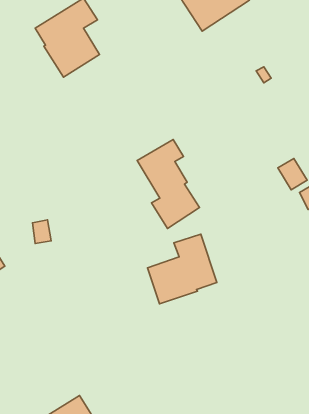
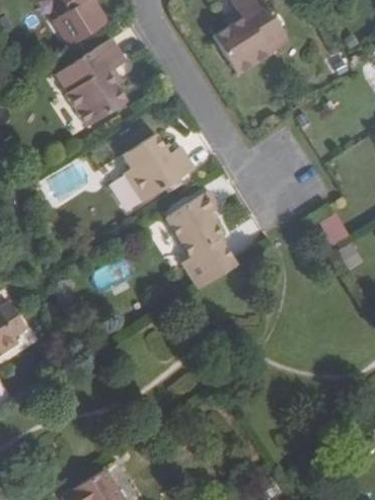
building: none -> [124,134,193,200]
building: [147,234,217,304] -> none

